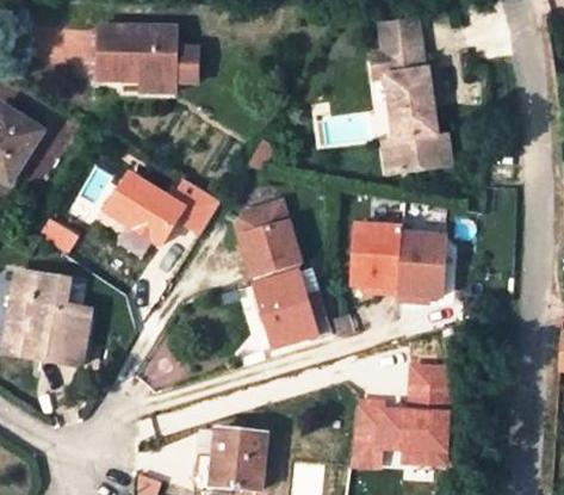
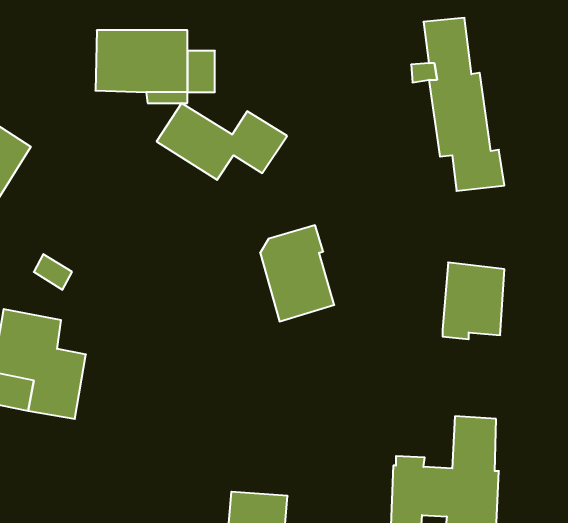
building: [105,173,218,240] -> [157,103,287,180]
building: [349,222,403,289] -> none
building: [252,268,326,347] -> none

